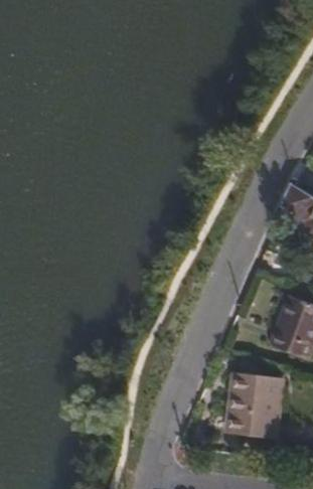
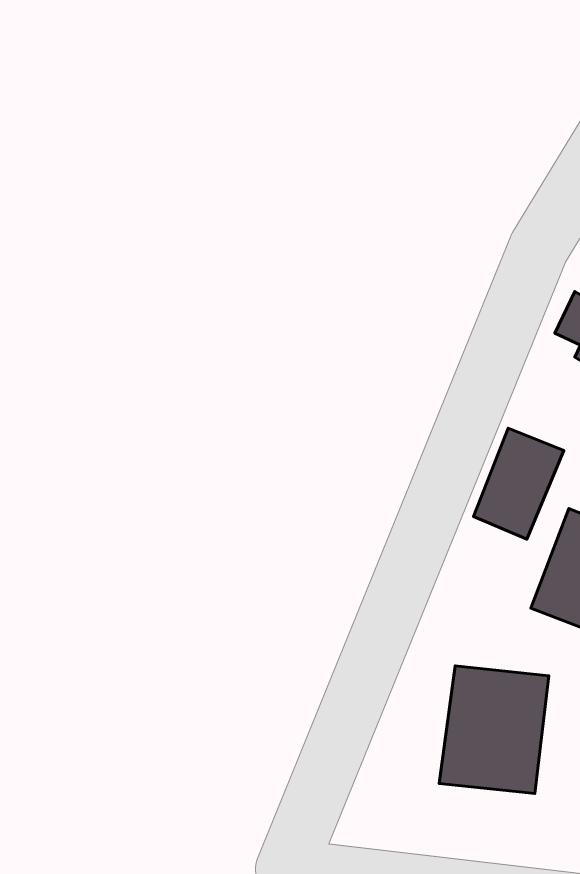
building: none -> [473,428,564,539]

